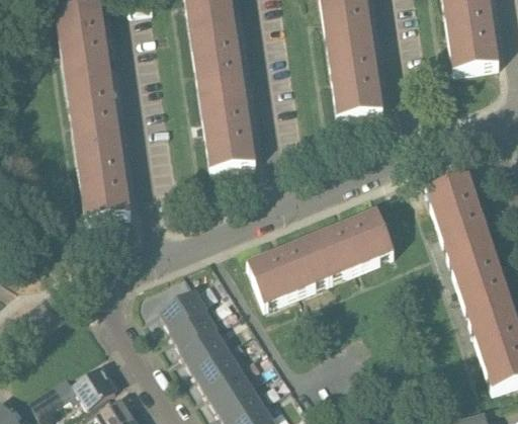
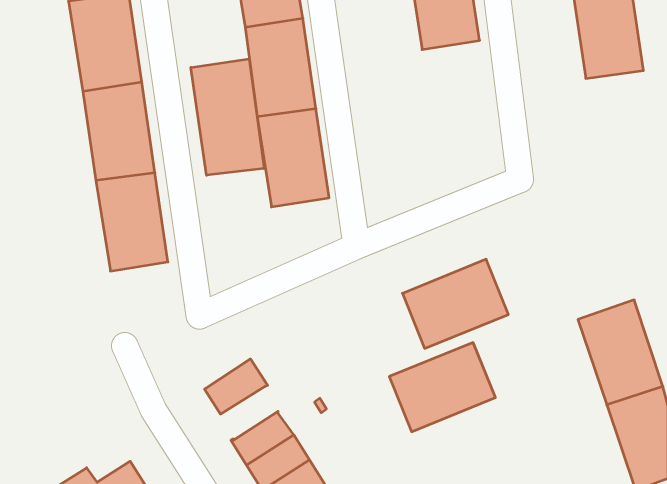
building: [327,41,382,117] -> none
building: none -> [191,59,264,175]
building: [425,176,491,257] -> none
building: [247,237,329,306] -> [389,343,495,432]
building: [169,309,218,350] -> none

